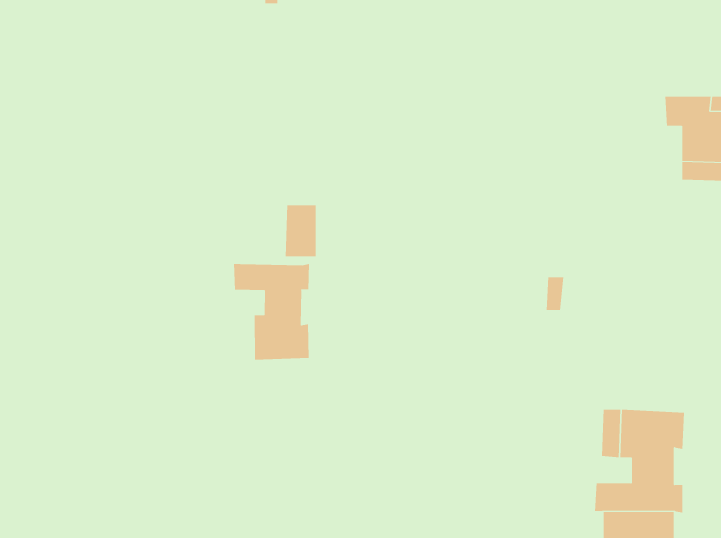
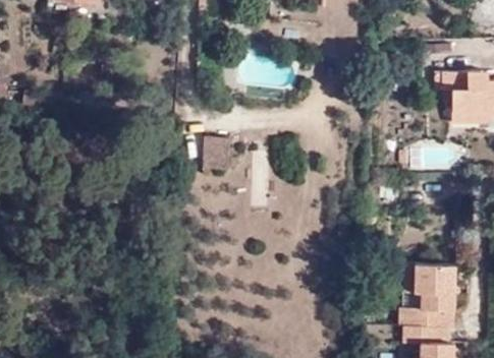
building: [233,263,309,360] -> none

